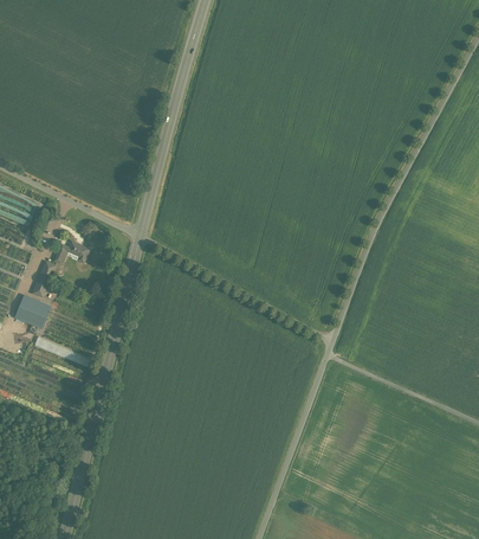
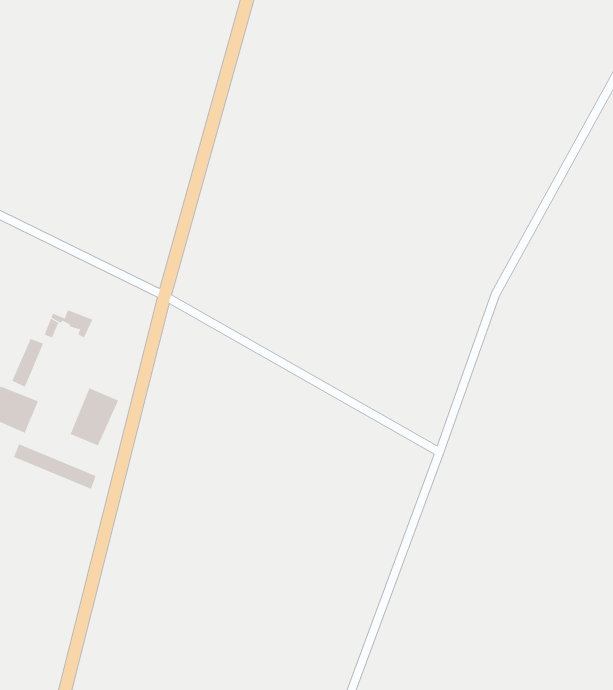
building: none -> [70,388,119,446]

